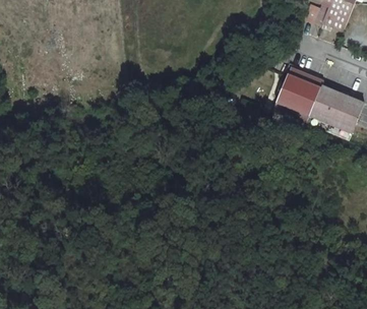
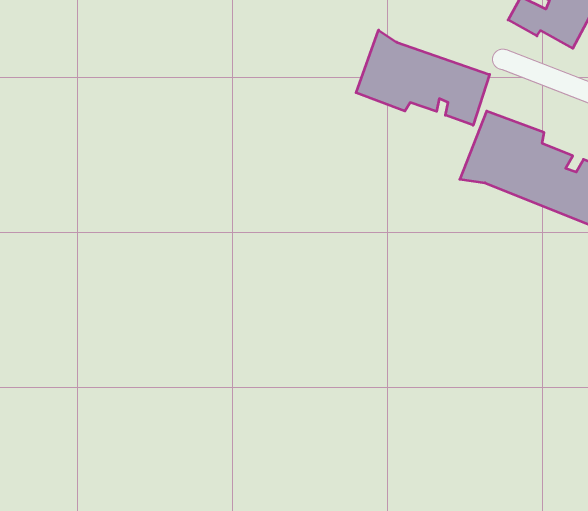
building: none -> [356,30,490,125]

